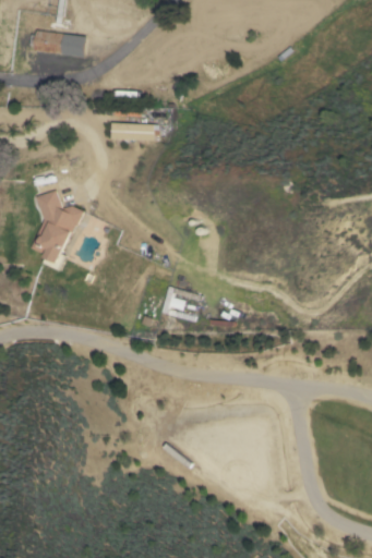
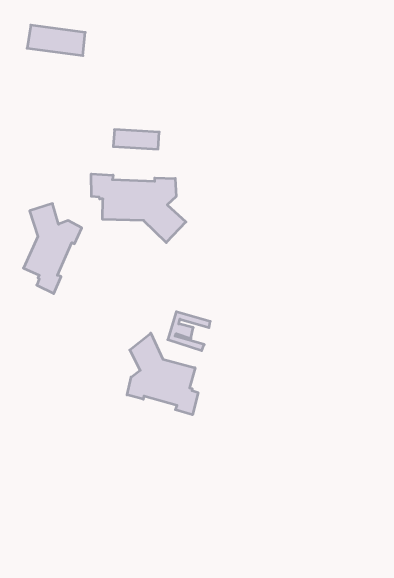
building: none -> [91,174,186,243]
building: none -> [127,333,198,415]

